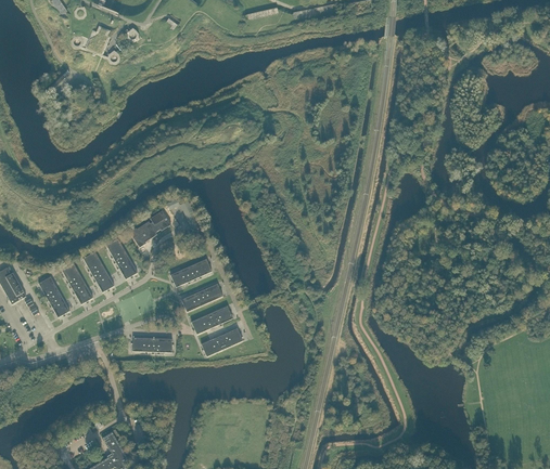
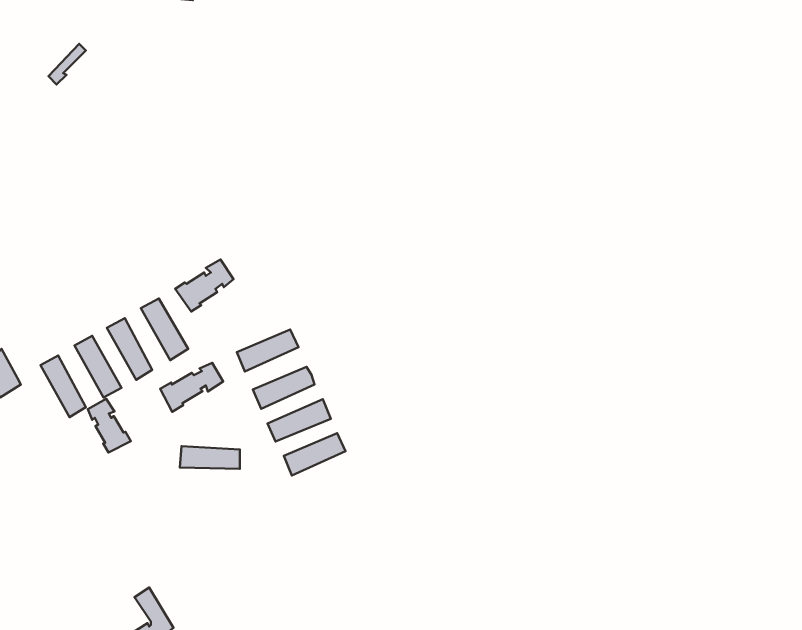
building: none -> [160,363,223,412]
building: none -> [88,399,131,453]

